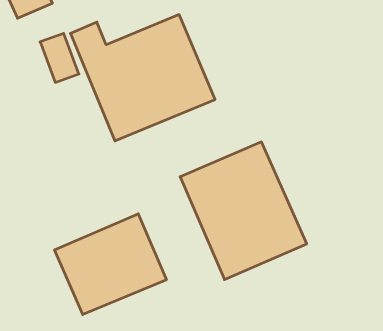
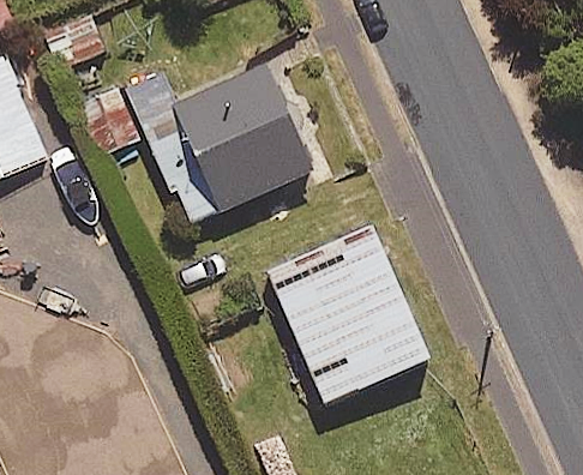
building: [55,214,166,315] -> none

